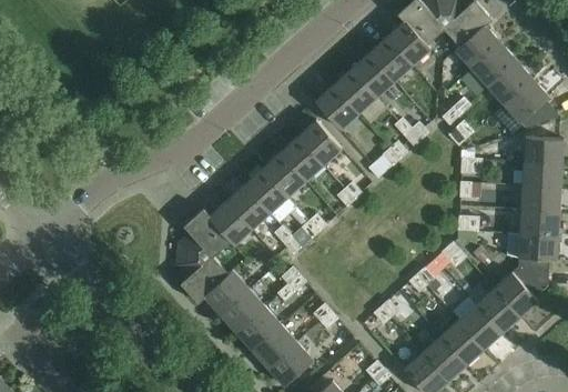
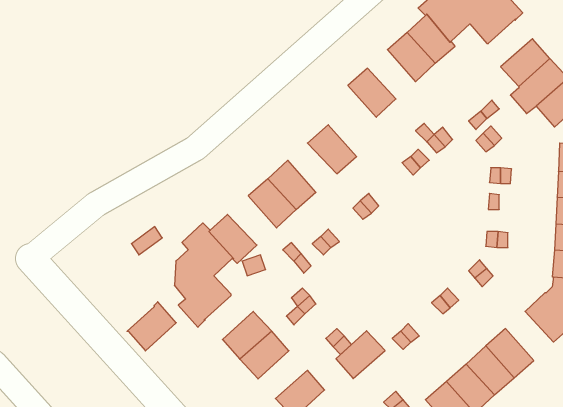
building: [454,24,499,68] -> none
building: [351,52,394,97] -> none
building: [314,84,358,130] -> none
building: [278,137,323,181] -> none
building: [224,184,268,229] -> none
building: [203,270,247,314] -> [127,302,176,351]
building: [475,289,518,333] -> none
building: [252,324,296,368] -> [336,331,385,379]

